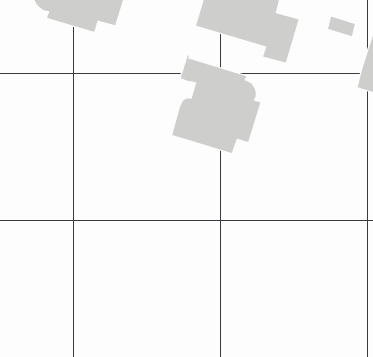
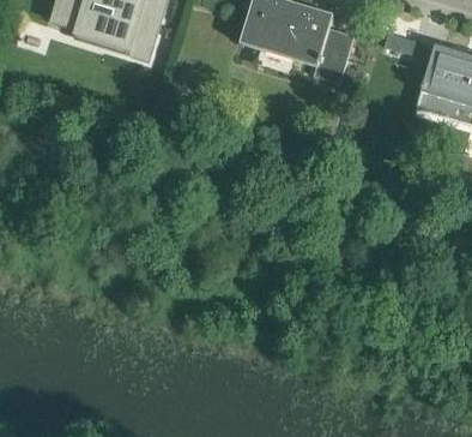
building: [171,55,261,154] -> none

